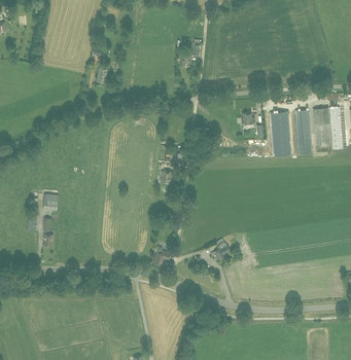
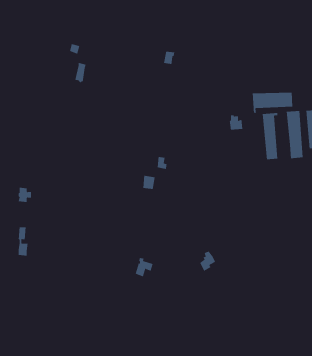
building: none -> [252,92,293,114]

